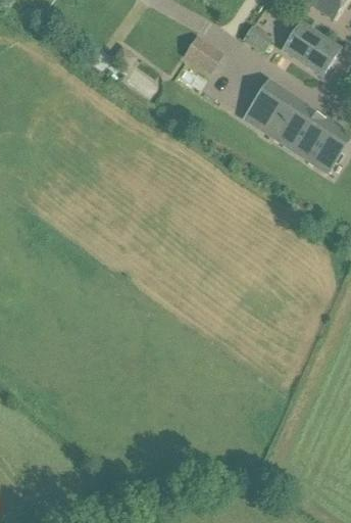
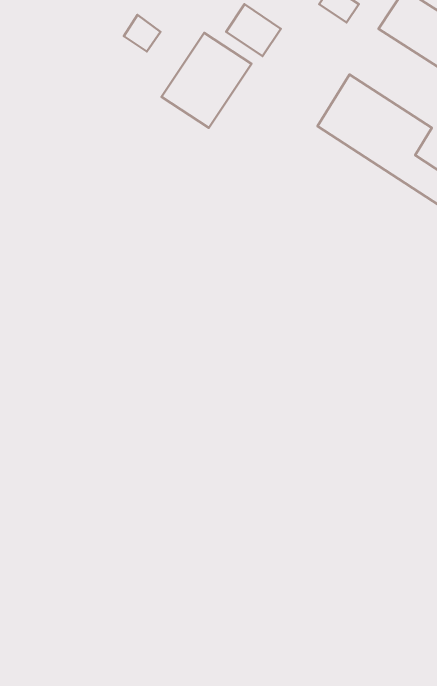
building: none -> [161,33,251,128]

